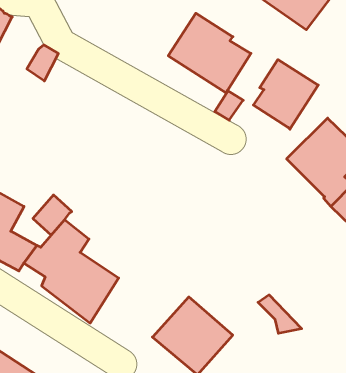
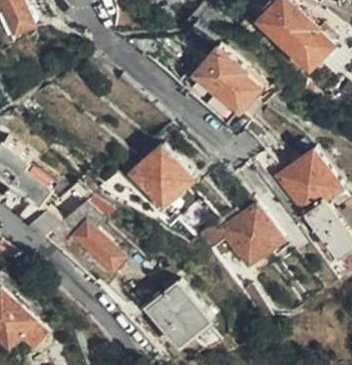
building: [253,60,318,129] -> none
building: none -> [129,142,199,213]
building: none -> [197,203,281,266]

